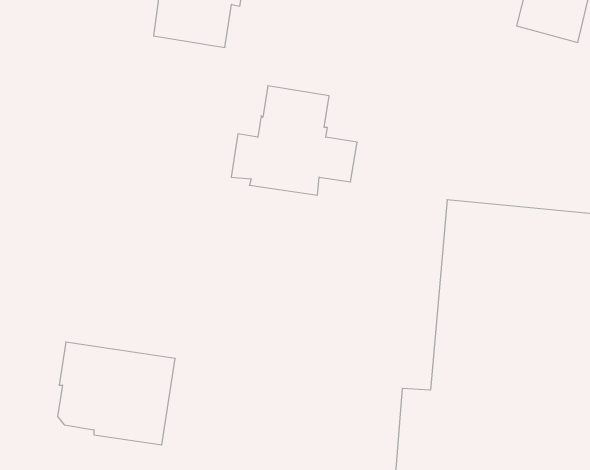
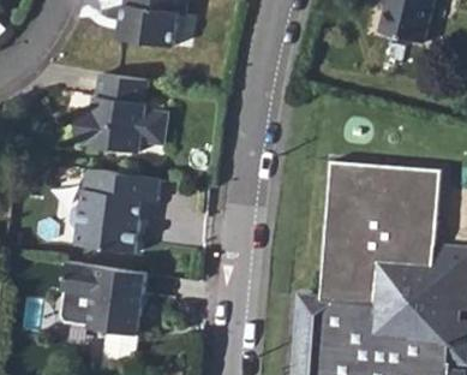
building: [231,86,357,195] -> [76,75,167,154]
building: none -> [66,168,155,254]

